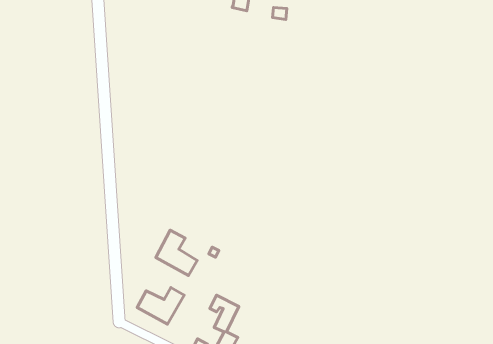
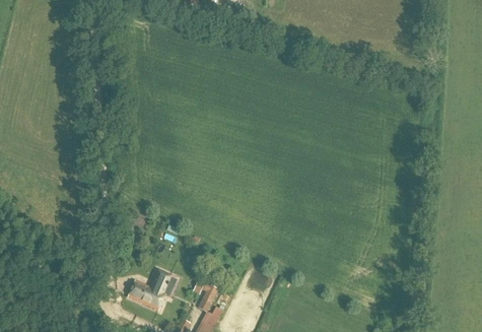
building: [156,230,197,276] -> none

